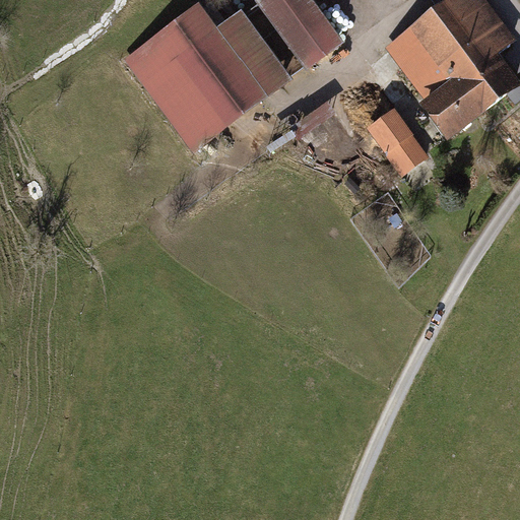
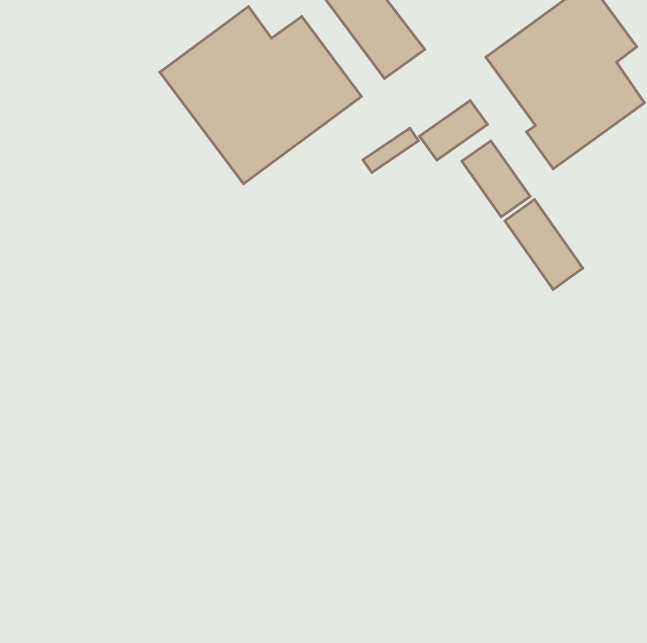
building: none -> [420,100,487,160]
building: none -> [505,200,583,289]

